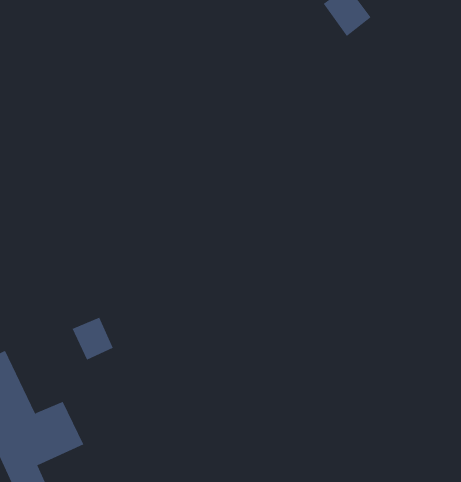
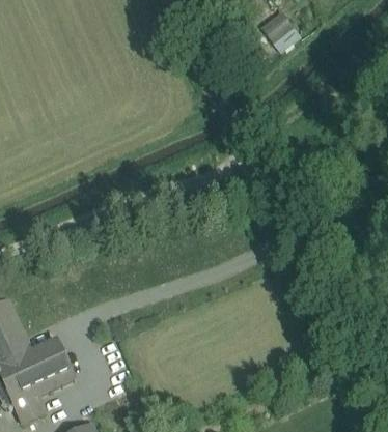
building: [72,317,114,360] -> none

